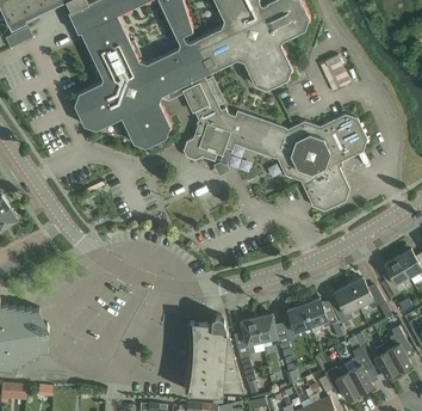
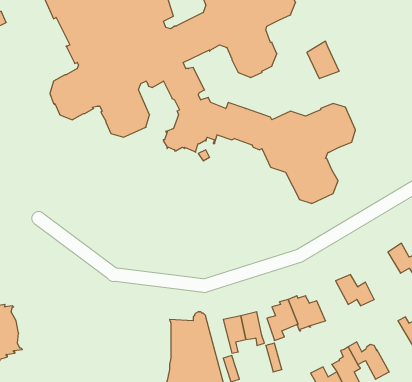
building: [384,257,409,295] -> none
building: [333,284,359,324] -> none
building: [386,326,410,372] -> none

